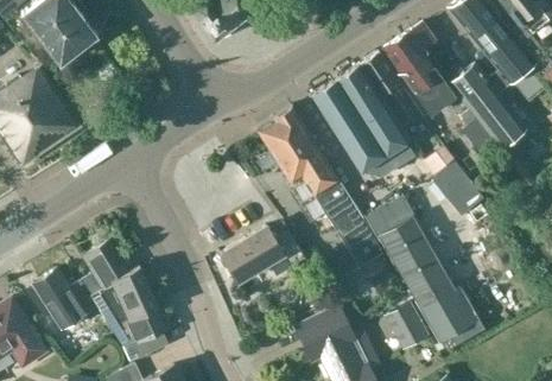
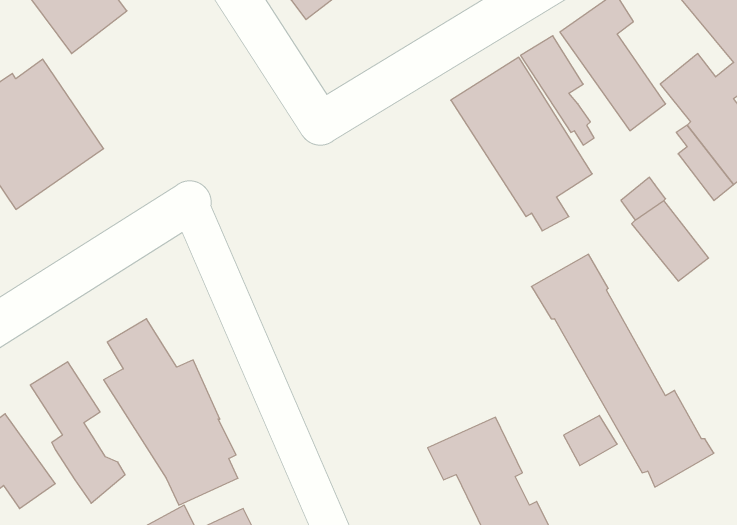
building: [258,107,382,268] -> none
building: [221,222,305,282] -> none

